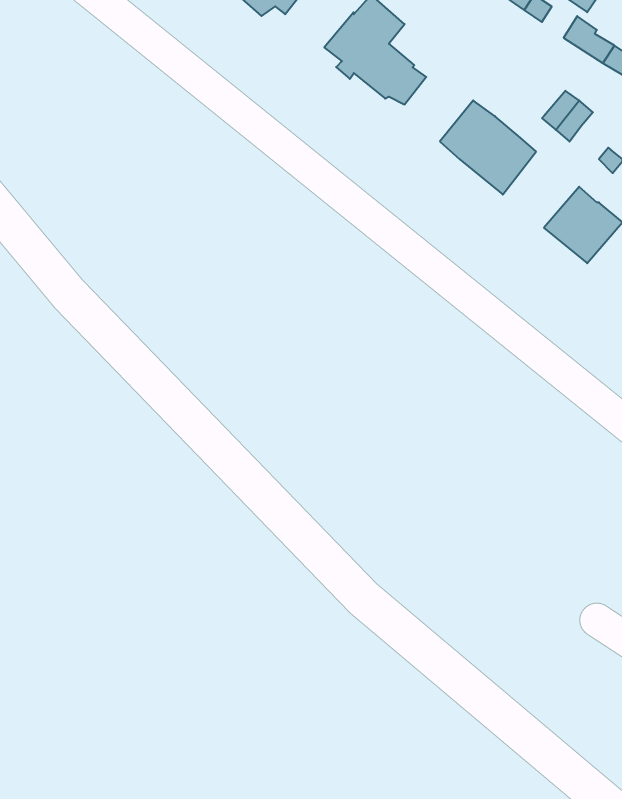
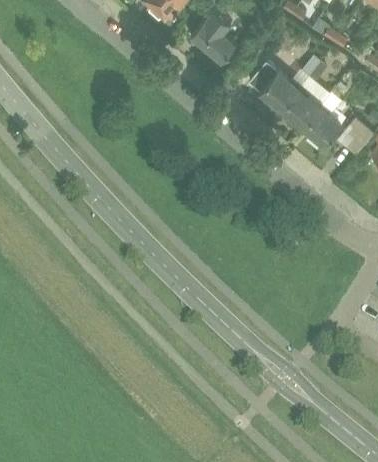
building: none -> [281,82,320,123]

